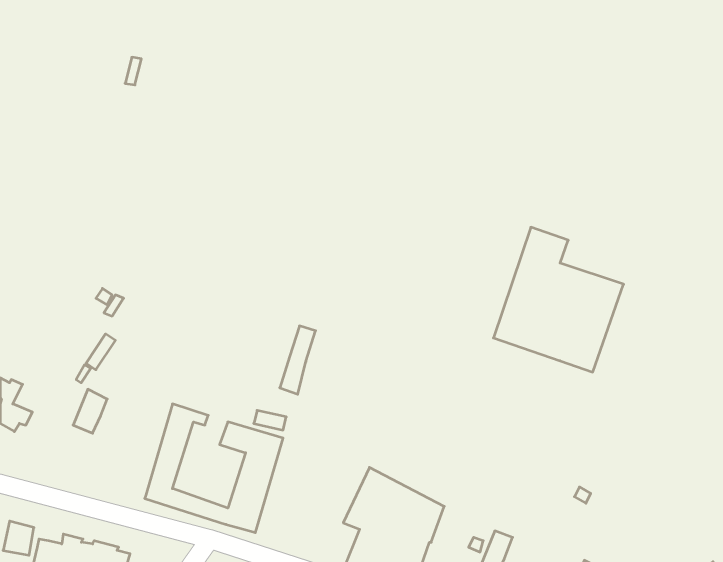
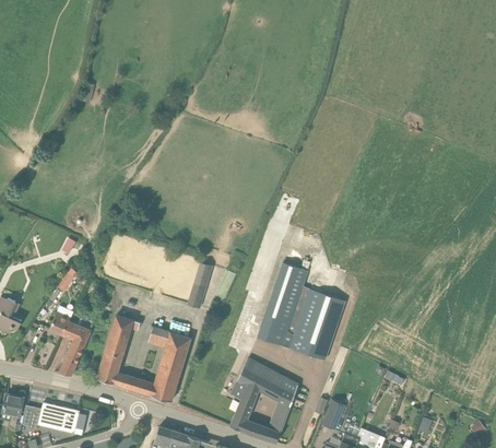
building: [493,227,624,372] -> [258,262,345,359]
building: none -> [59,322,90,376]

